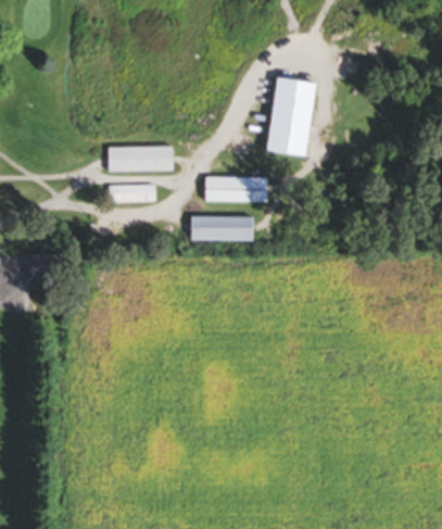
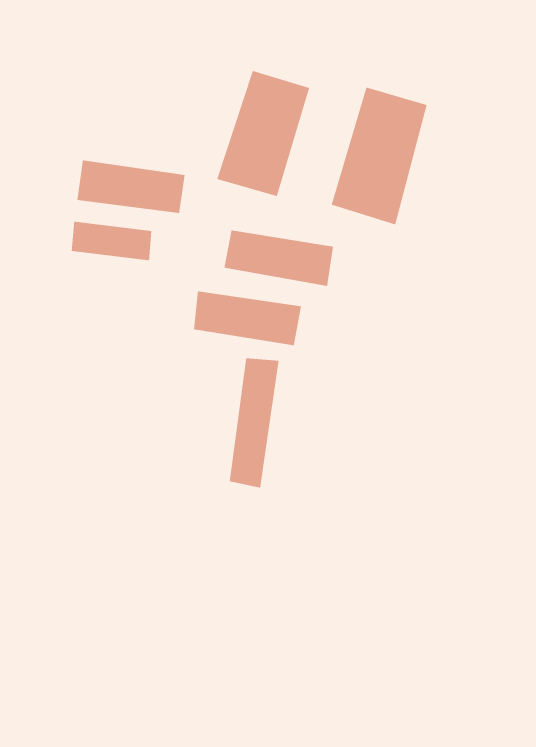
building: none -> [217,70,310,197]
building: none -> [229,358,279,488]

